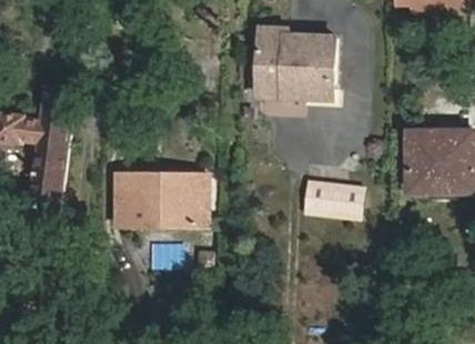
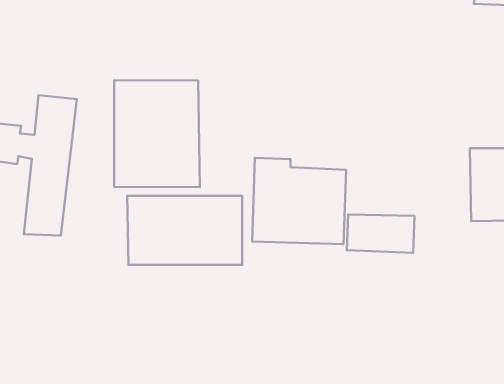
building: [255,26,334,98] -> [252,158,346,244]
building: none -> [114,80,200,187]

